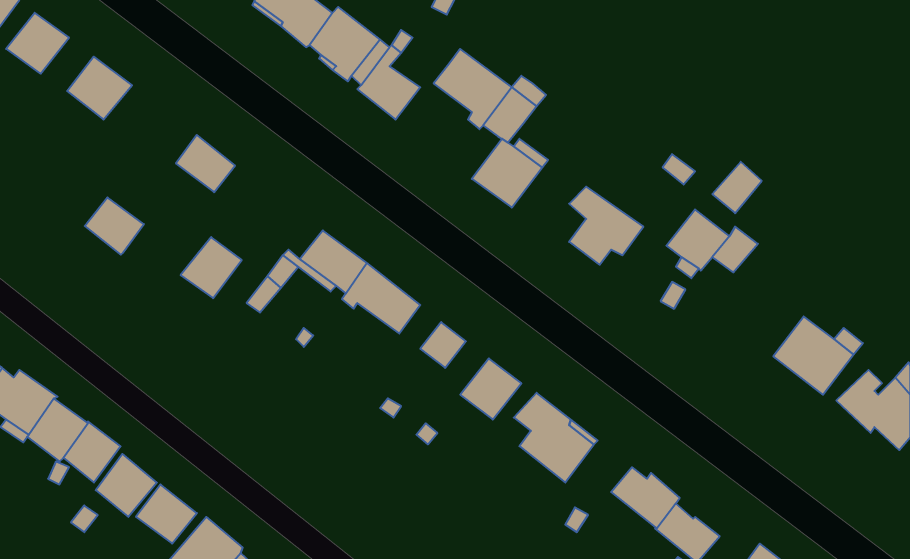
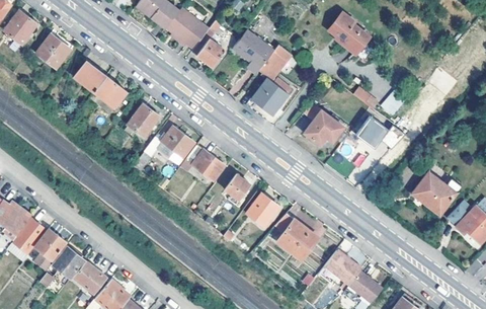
building: none -> [328,11,370,54]
building: [85,197,144,255] -> [75,62,106,92]
building: [181,237,242,298] -> [128,104,160,137]

